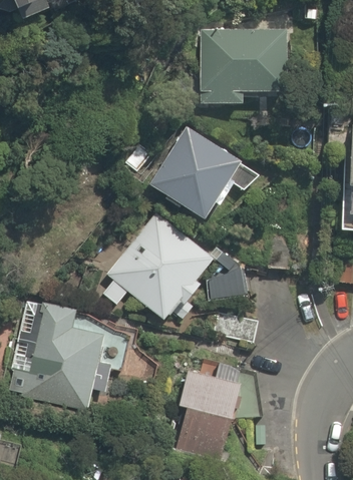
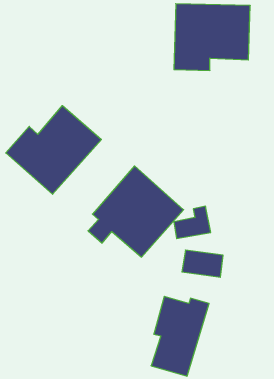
building: [148,129,256,221] -> none
building: none -> [6,106,101,194]
building: [20,308,107,412] -> none

